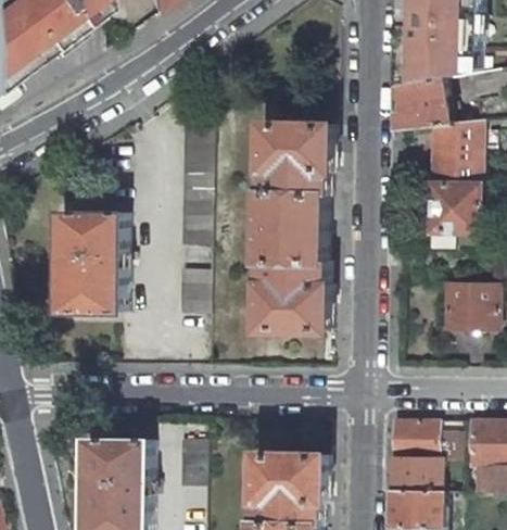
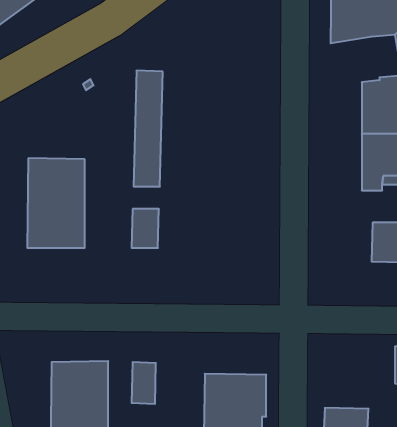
building: [395,76,449,130] -> none
building: [256,124,329,331] -> none
building: [389,420,457,491] -> none

